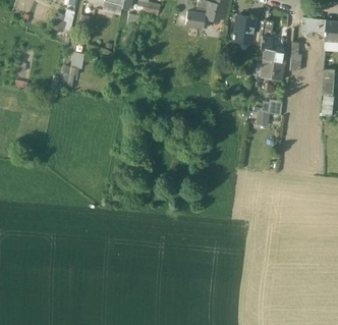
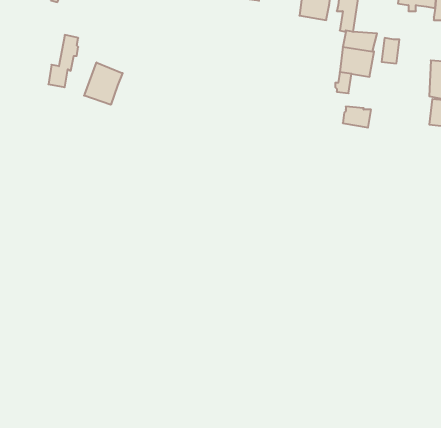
building: none -> [84,62,123,105]

